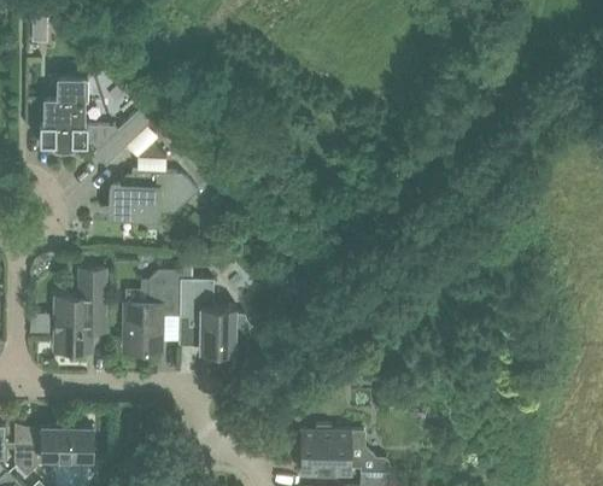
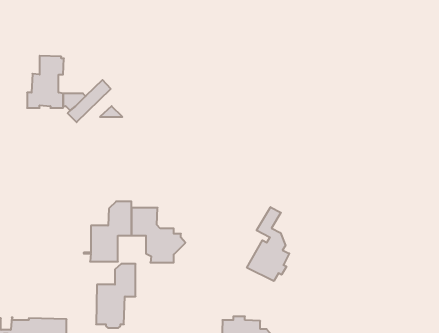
building: [109,172,198,221] -> none
building: [53,271,106,357] -> [96,264,136,328]
building: none -> [247,207,289,281]

